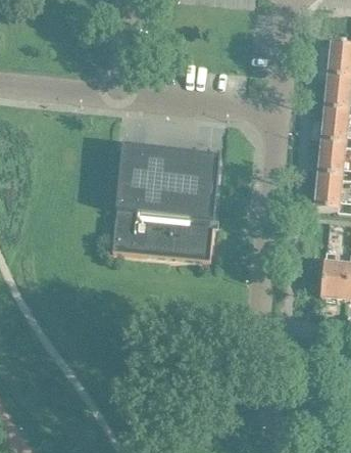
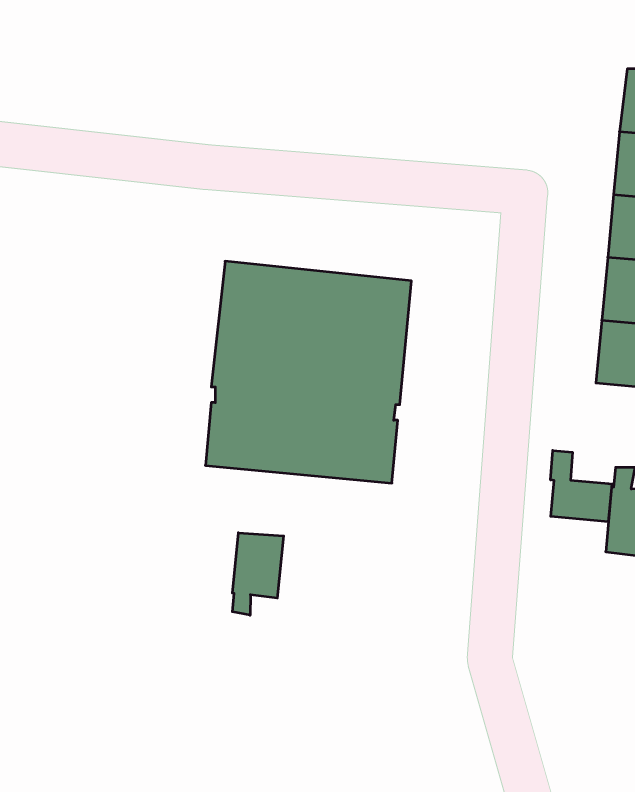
building: none -> [551,450,612,522]
building: none -> [232,533,284,615]

